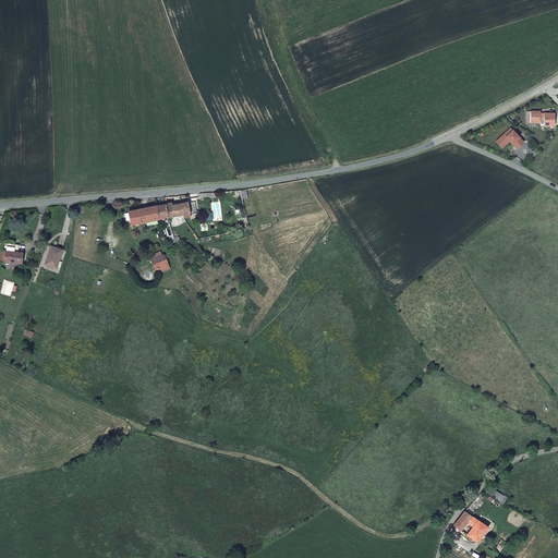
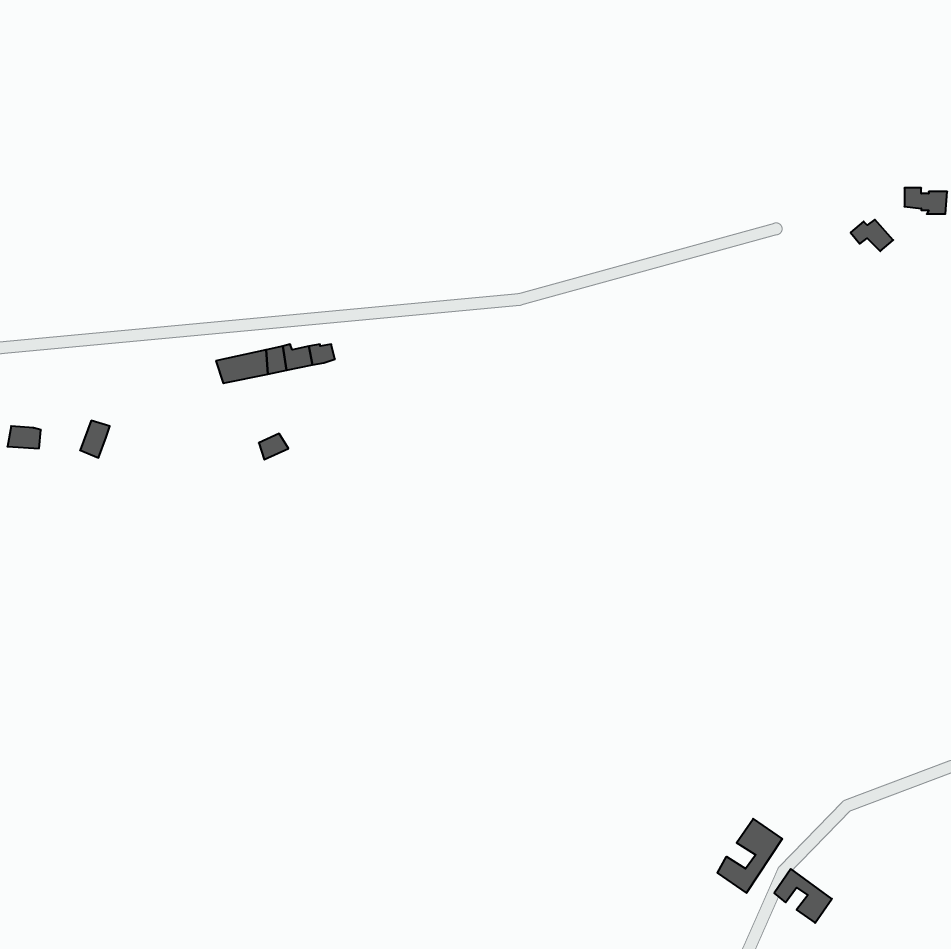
building: none -> [717,819,782,893]

